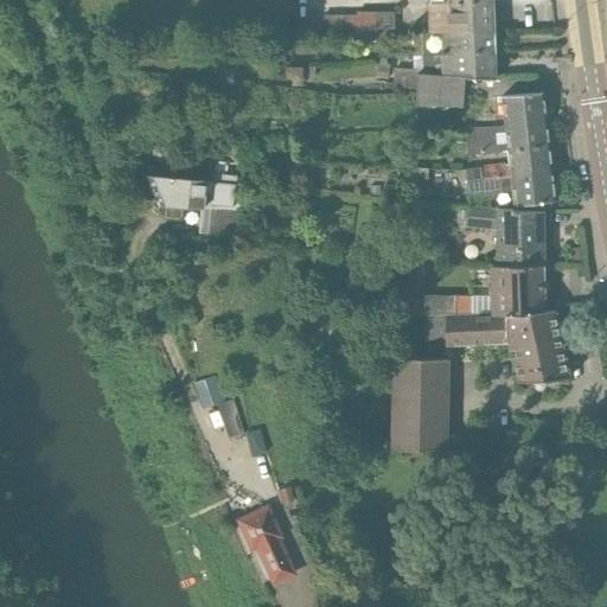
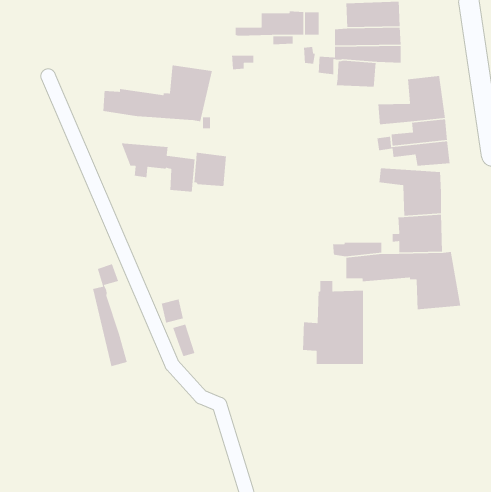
building: none -> [103,64,213,122]
building: none -> [193,152,227,187]
building: none -> [92,263,128,367]
building: [241,507,295,582] -> none

